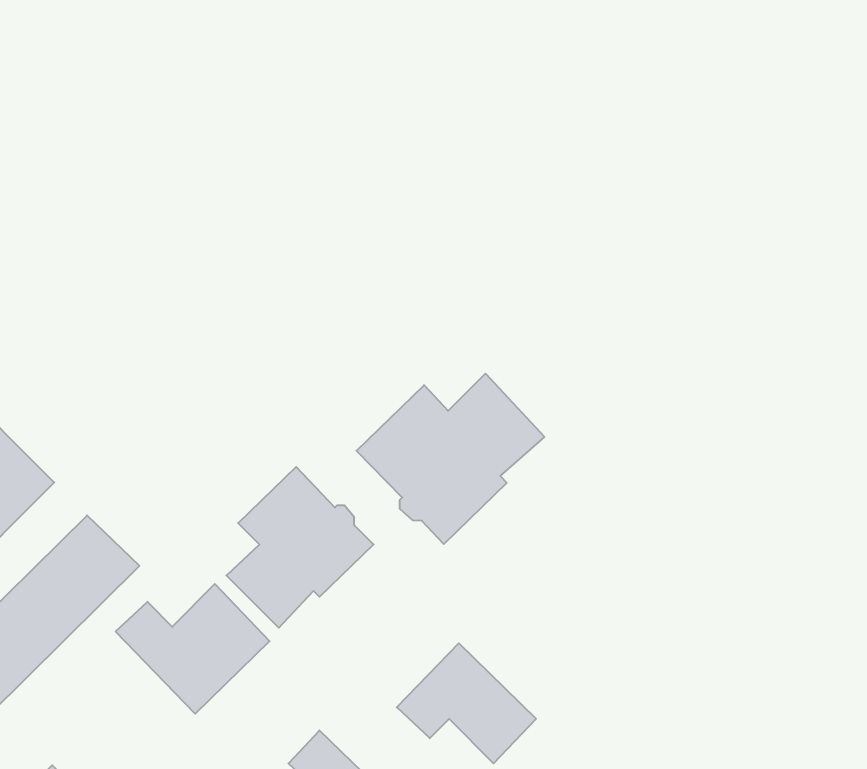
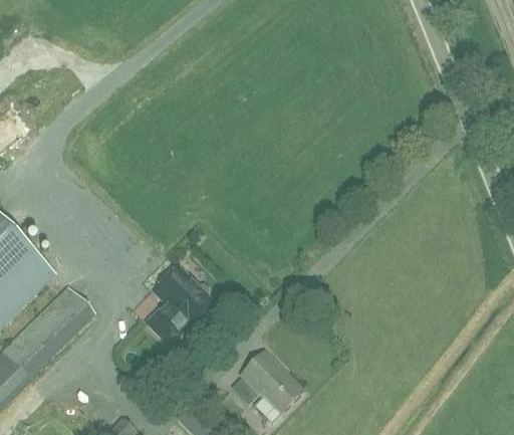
building: [356,374,544,544] -> none
building: [116,584,270,714] -> none

